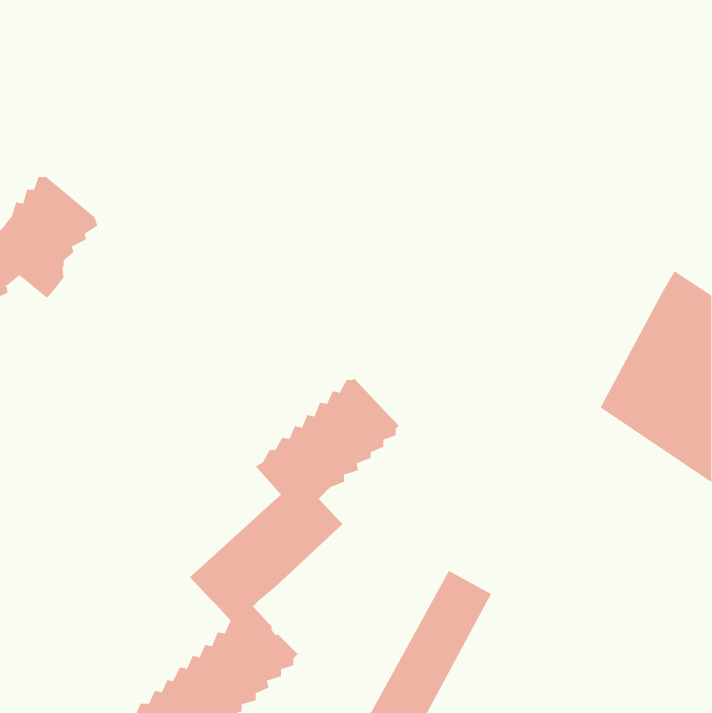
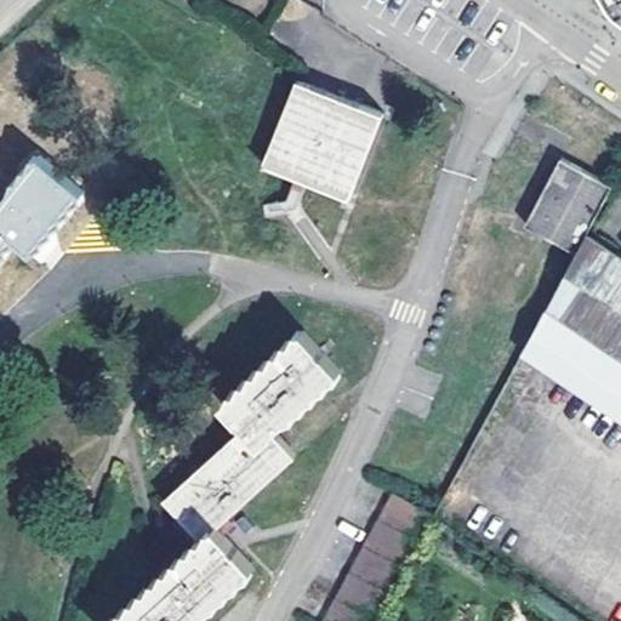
building: none -> [261,81,381,201]
building: none -> [524,160,609,253]

